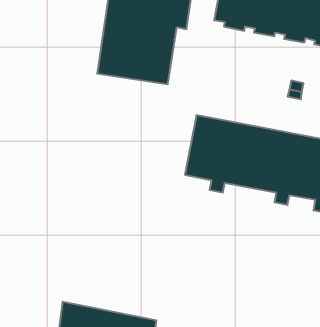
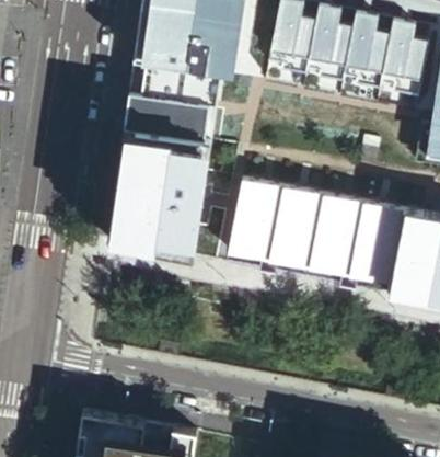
building: none -> [105,128,239,259]

